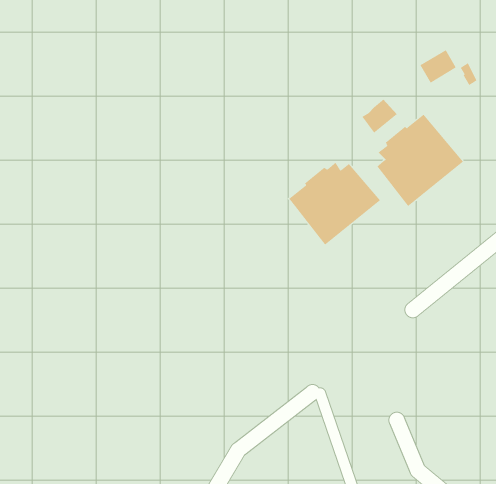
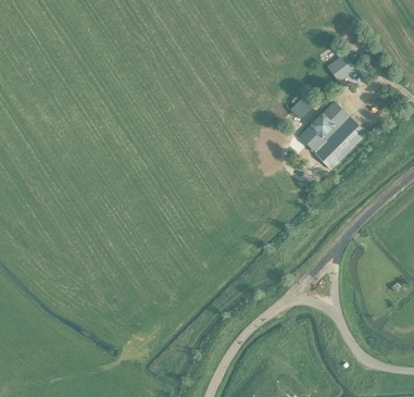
building: [289,162,381,245] -> none

